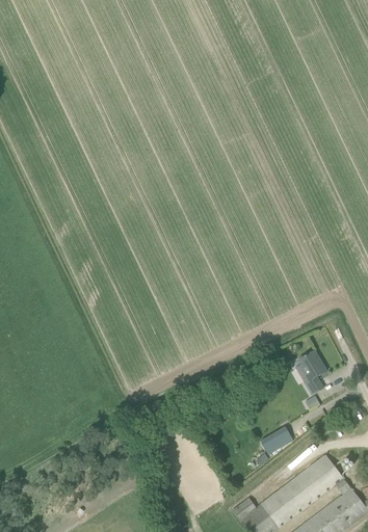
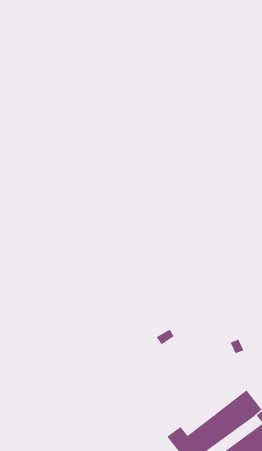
building: [298,351,325,395] -> none
building: [260,427,292,454] -> none

